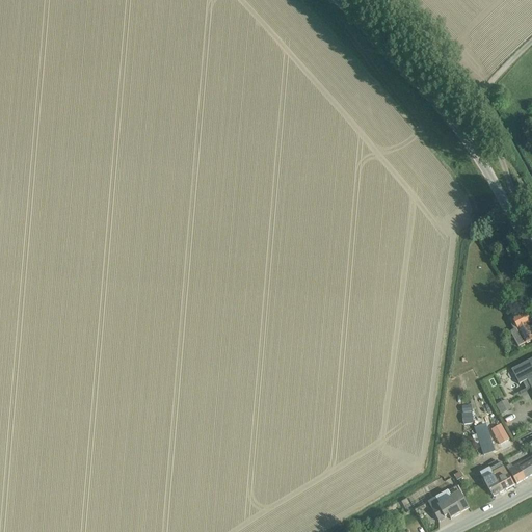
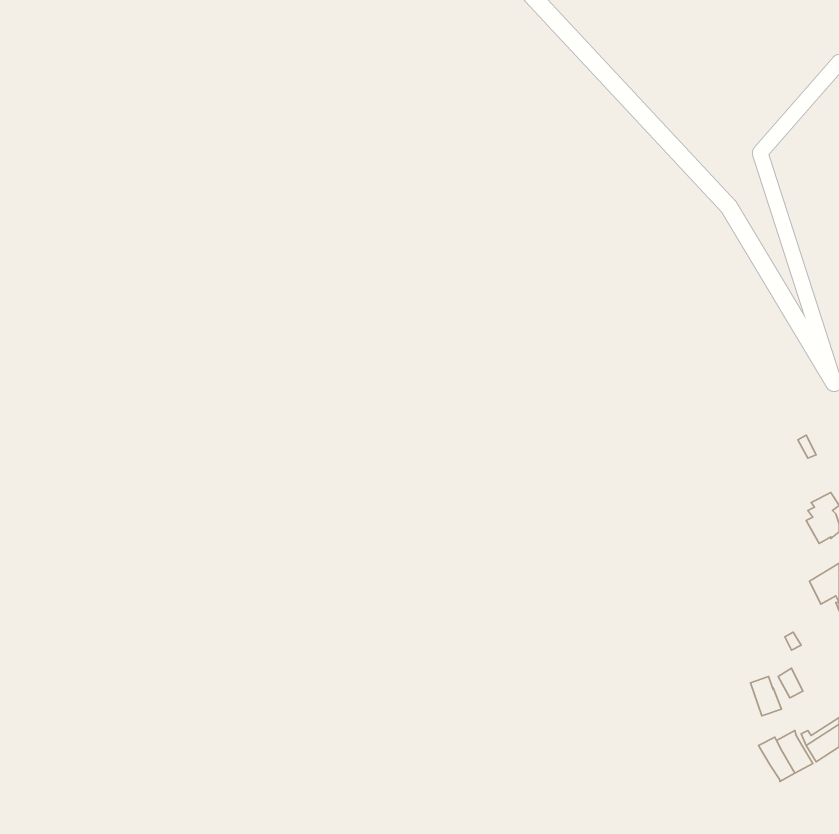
building: [429,484,470,520] -> none

